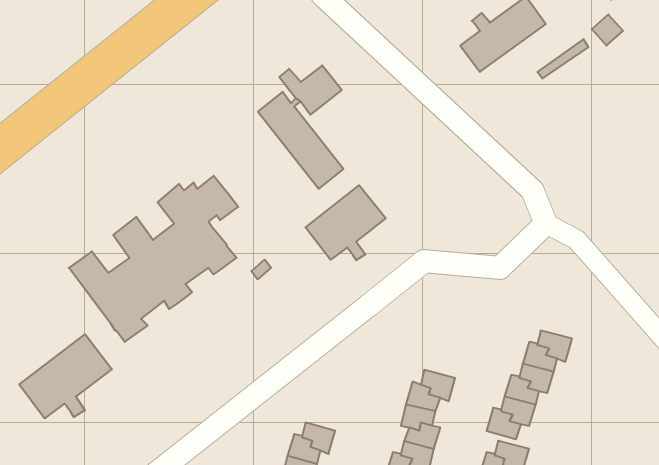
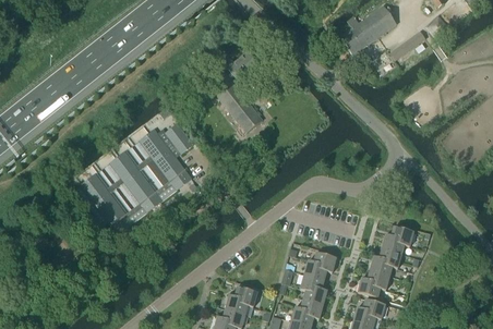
building: [306,185,386,260] -> none
building: [19,334,112,418] -> none

